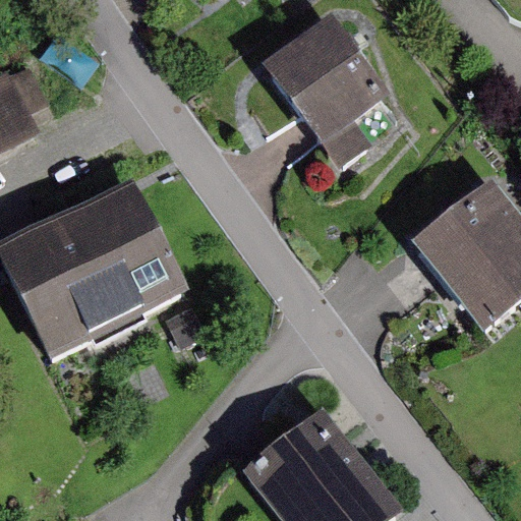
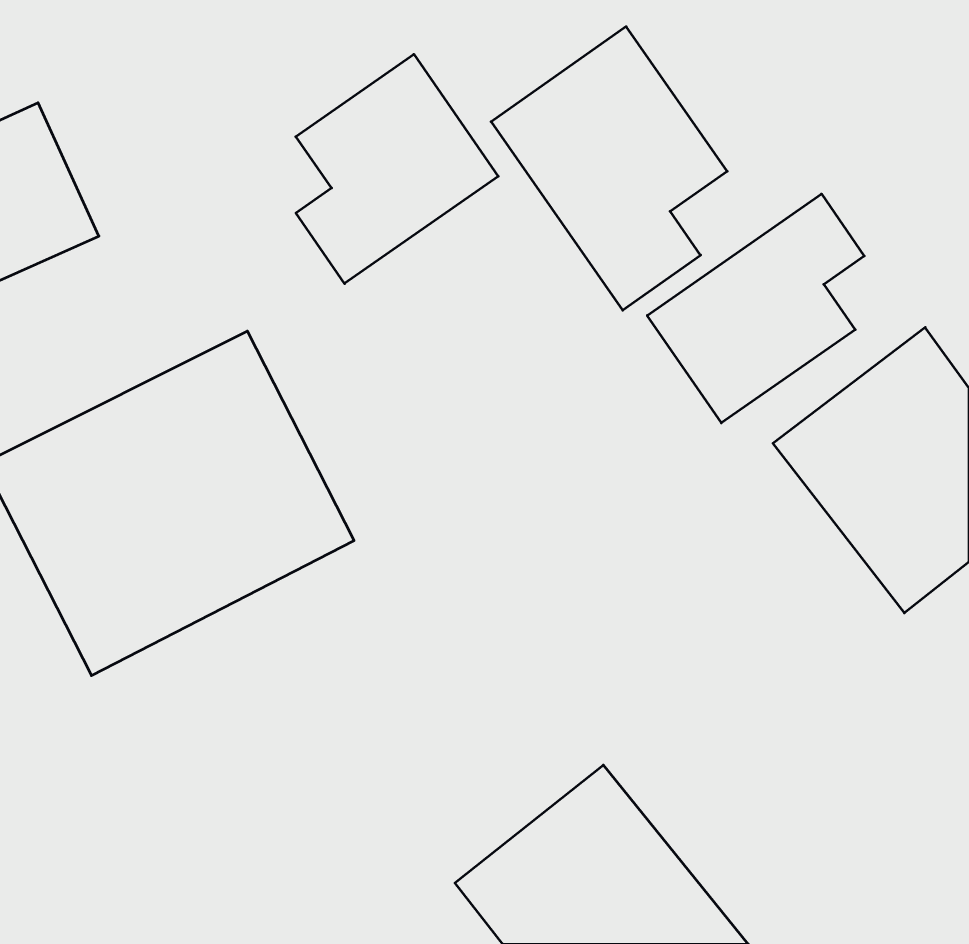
building: none -> [296,54,498,284]
building: none -> [647,194,864,423]

